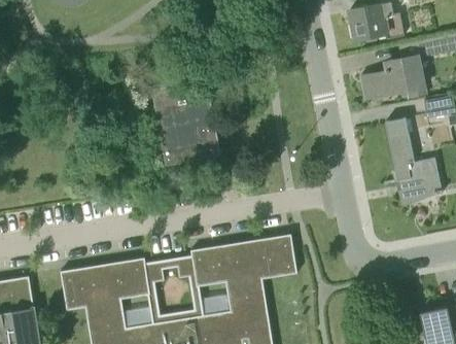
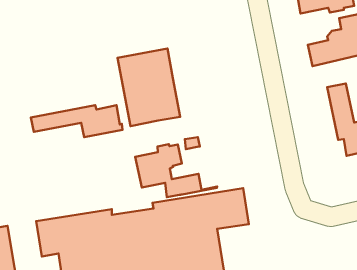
building: none -> [31,105,123,137]
building: none -> [135,144,217,197]

